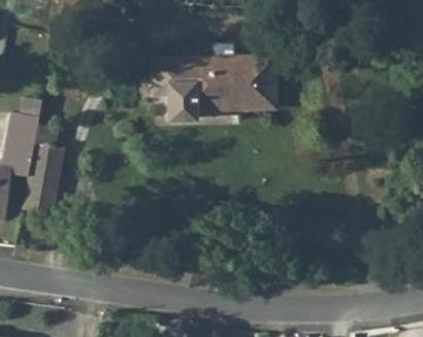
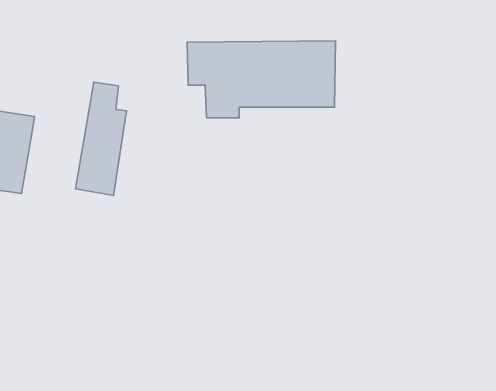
building: [21,126,61,215] -> [76,82,126,195]

